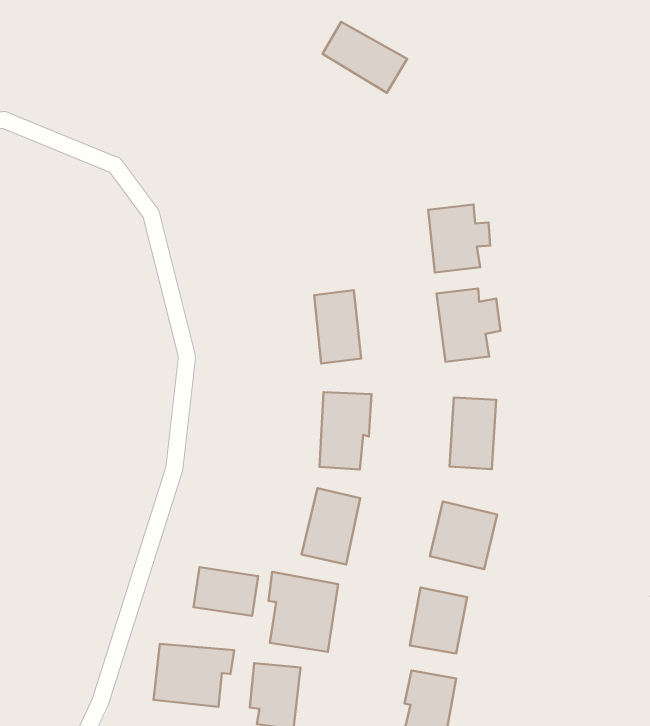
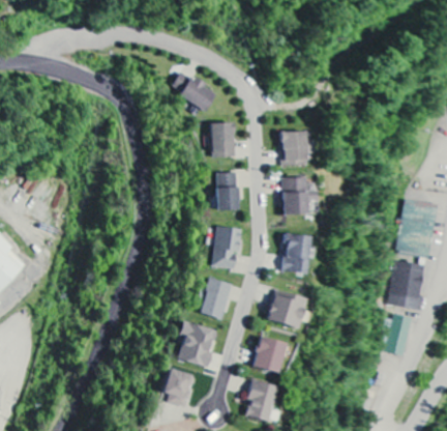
building: [323,22,407,93] -> [170,70,215,111]
building: none -> [210,122,235,157]
building: [194,567,258,616] -> none
building: [154,644,234,707] -> none

